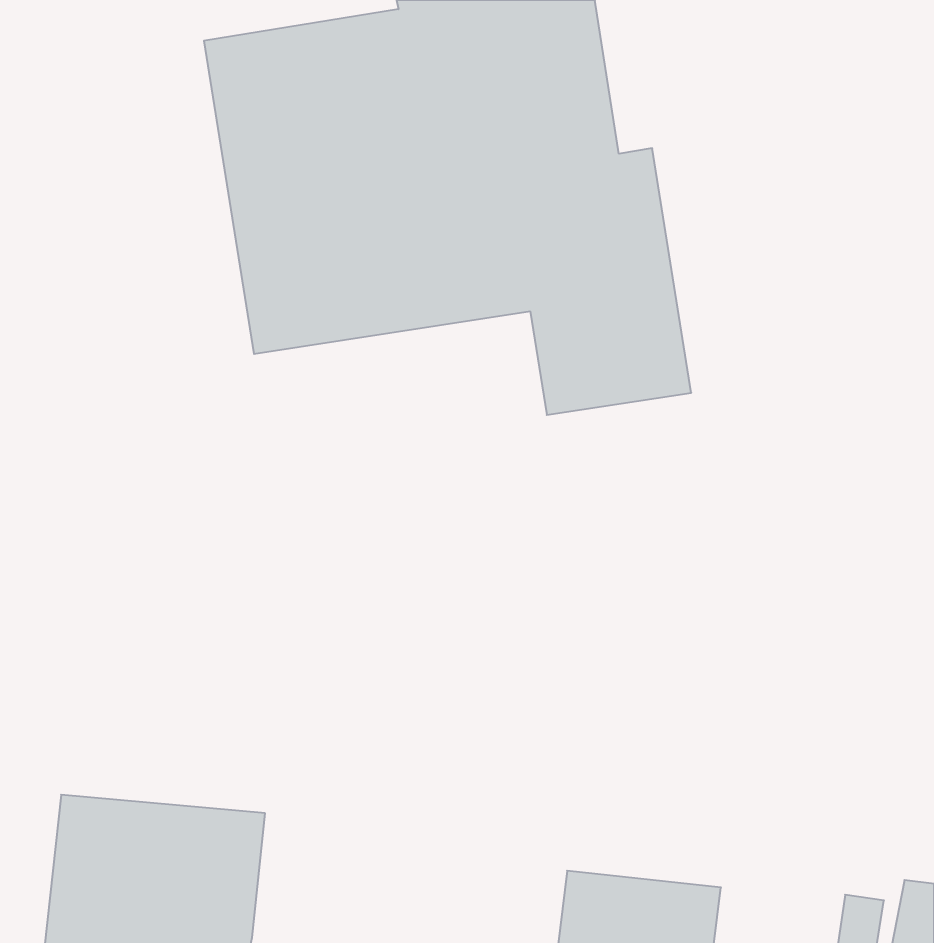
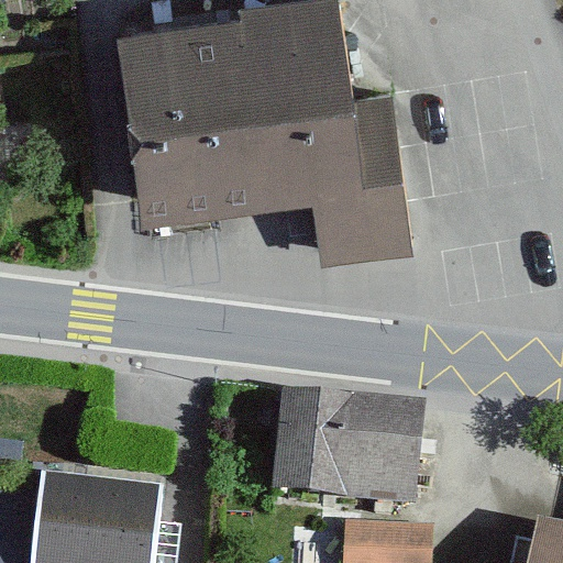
building: none -> [271,393,429,505]

